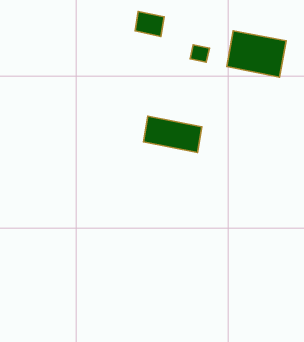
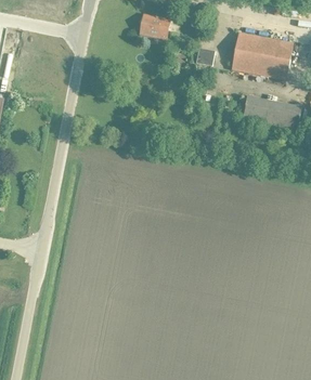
building: [143,116,202,153] -> [242,95,300,132]

